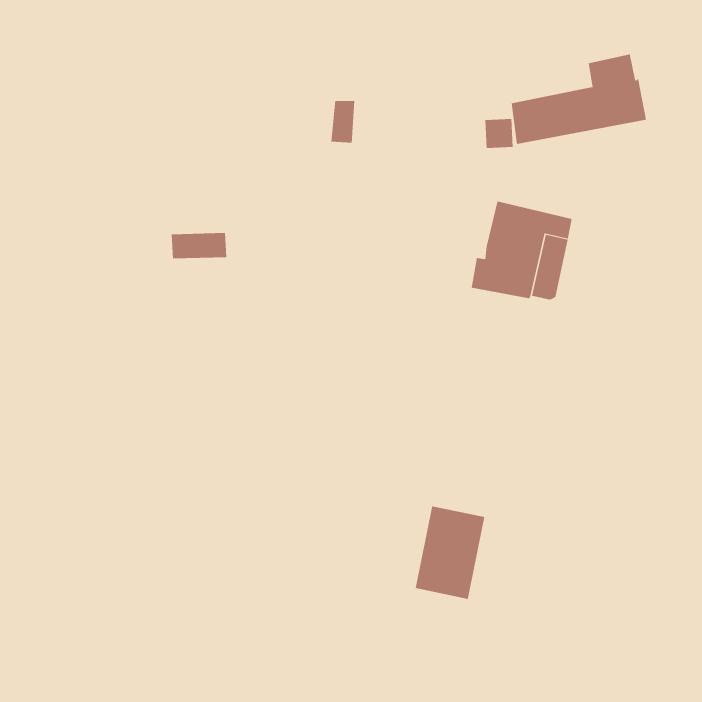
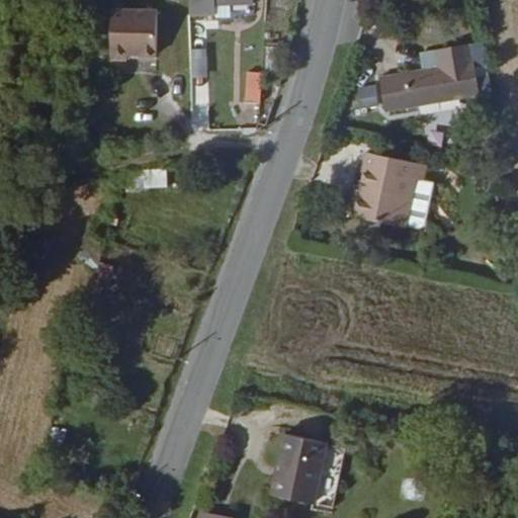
building: none -> [111,16,156,69]
building: [415,506,485,599] -> [275,436,327,505]

